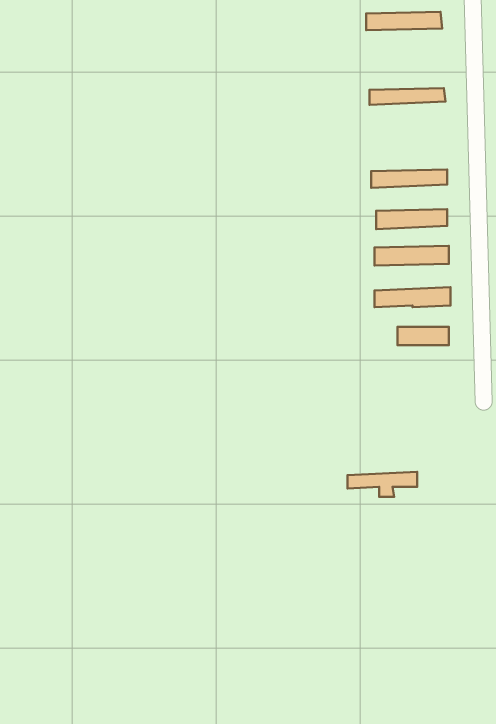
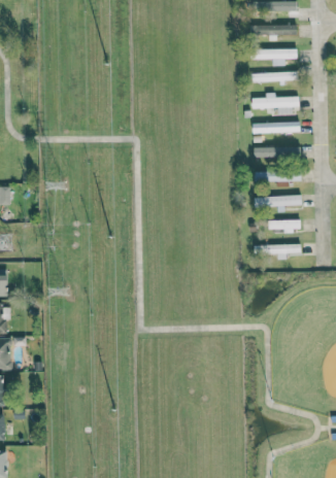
building: none -> [250,48,297,65]
building: none -> [253,93,299,113]
building: [348,472,417,497] -> [258,243,301,259]

